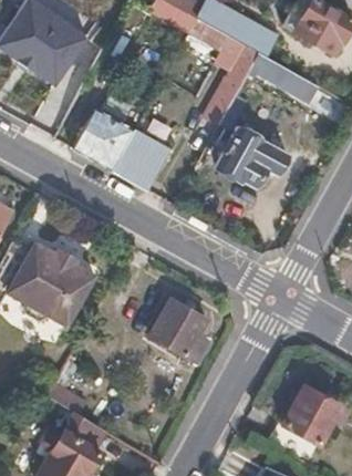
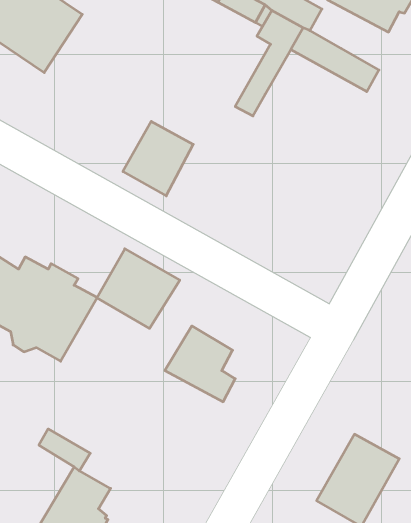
building: [74,107,137,170] -> none
building: [218,126,290,185] -> none
building: none -> [97,249,180,328]

